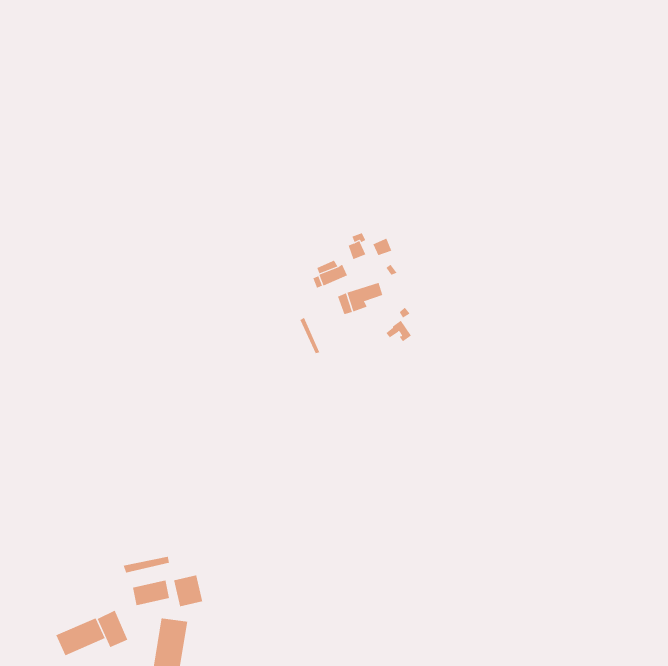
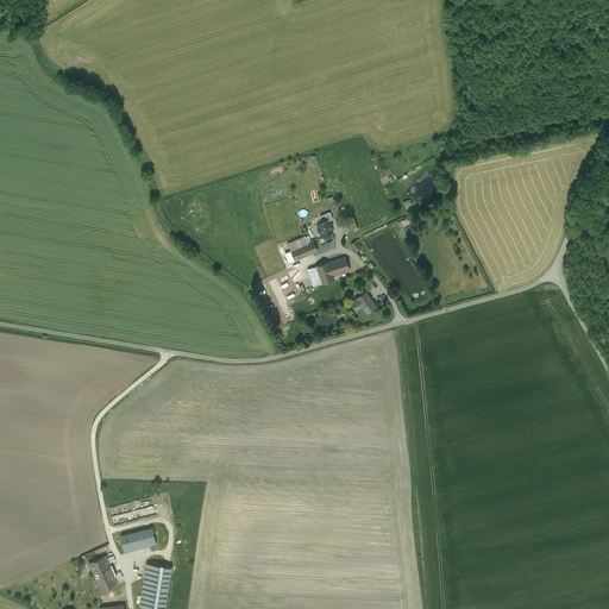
building: [174,574,203,607] -> none
building: [56,617,105,656] -> none

